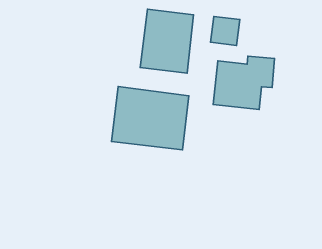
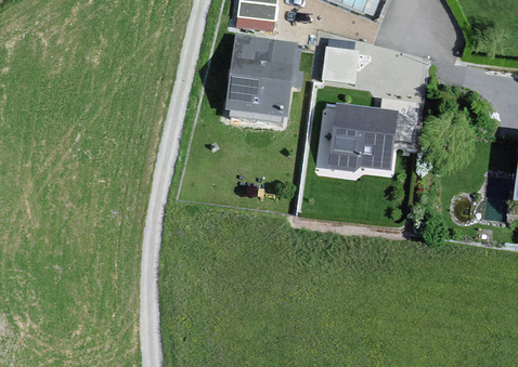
building: [112,87,189,150] -> none

